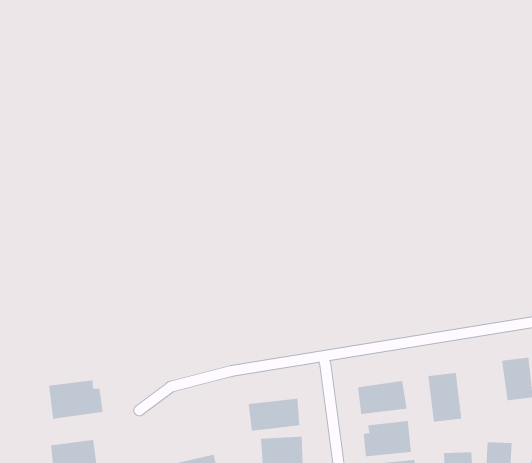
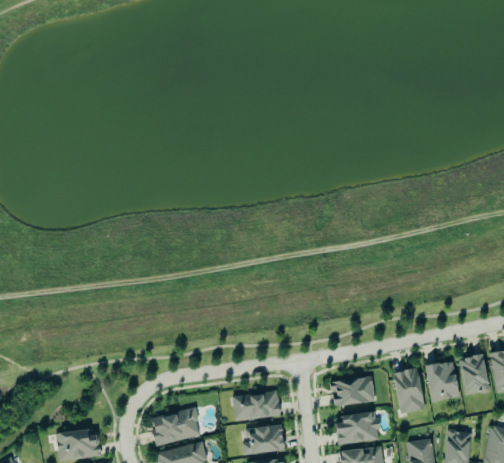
building: none -> [424,360,461,402]
building: [48,380,103,419] -> none
building: none -> [150,408,201,445]

